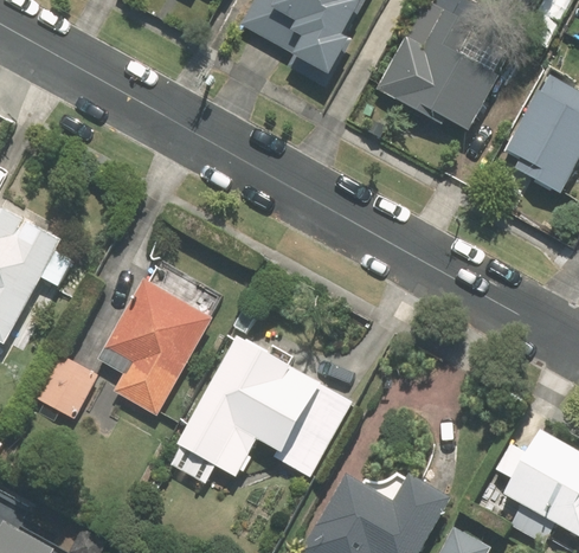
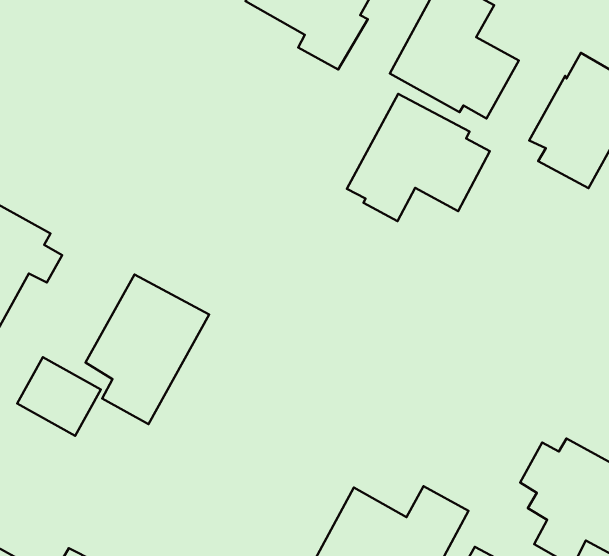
building: none -> [347,94,490,221]
building: [175,335,350,475] -> none

